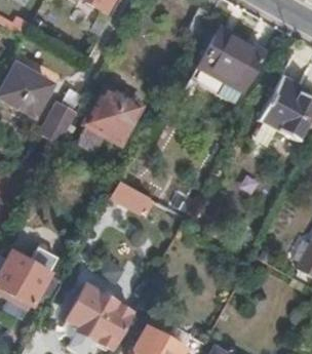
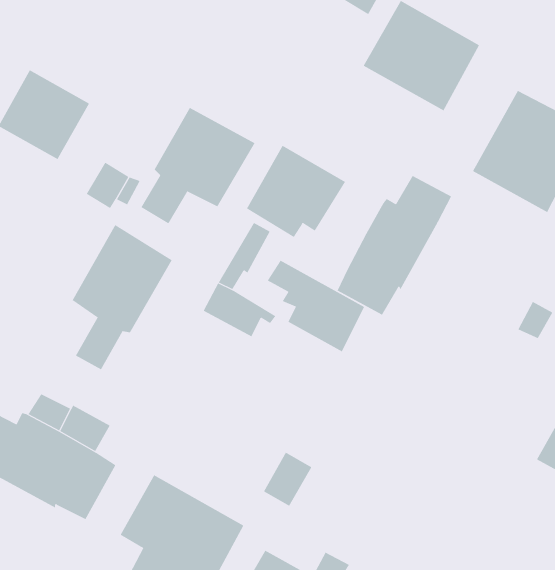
building: none -> [246,145,346,238]
building: none -> [337,175,452,316]
building: none -> [72,224,172,370]

